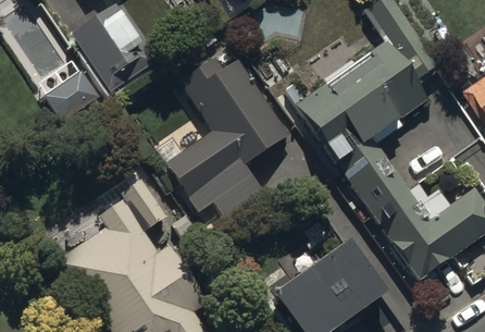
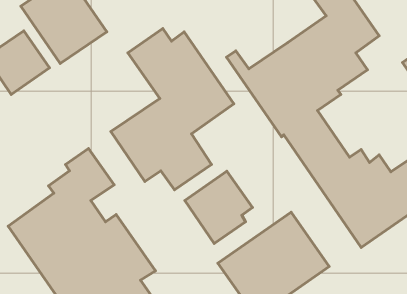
building: none -> [185,171,252,243]

